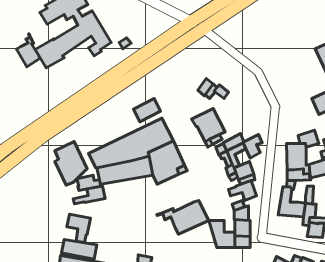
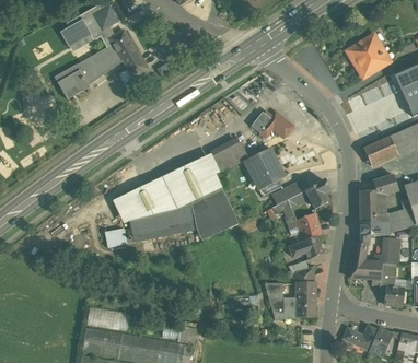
building: none -> [347,34,386,78]
building: [17,34,40,67] -> none
building: [133,98,160,122] -> [213,141,246,169]
building: none -> [363,136,397,165]
building: [55,141,87,185] -> none
building: [73,186,105,204] -> none
building: [157,201,209,234] -> none
building: [67,214,90,242] -> none

